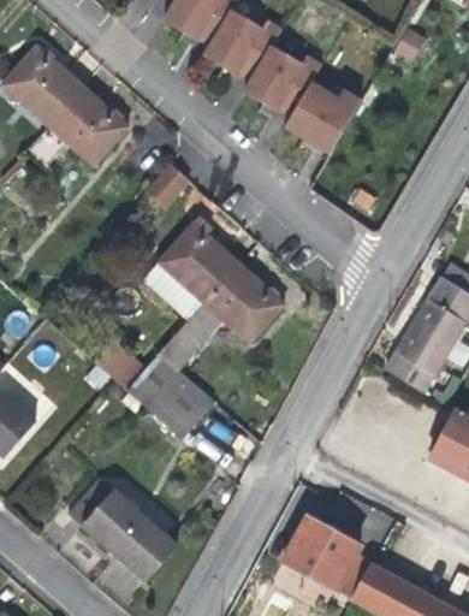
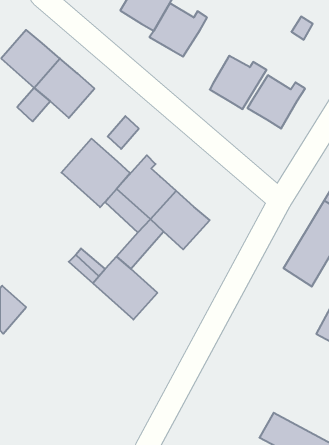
building: [244,46,322,118] -> [247,75,305,129]
building: none -> [61,139,130,207]
building: [67,475,178,581] -> none
building: [284,516,372,598] -> none

